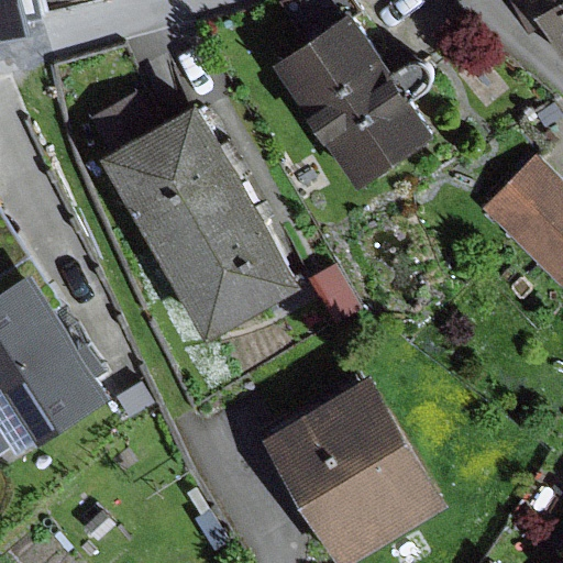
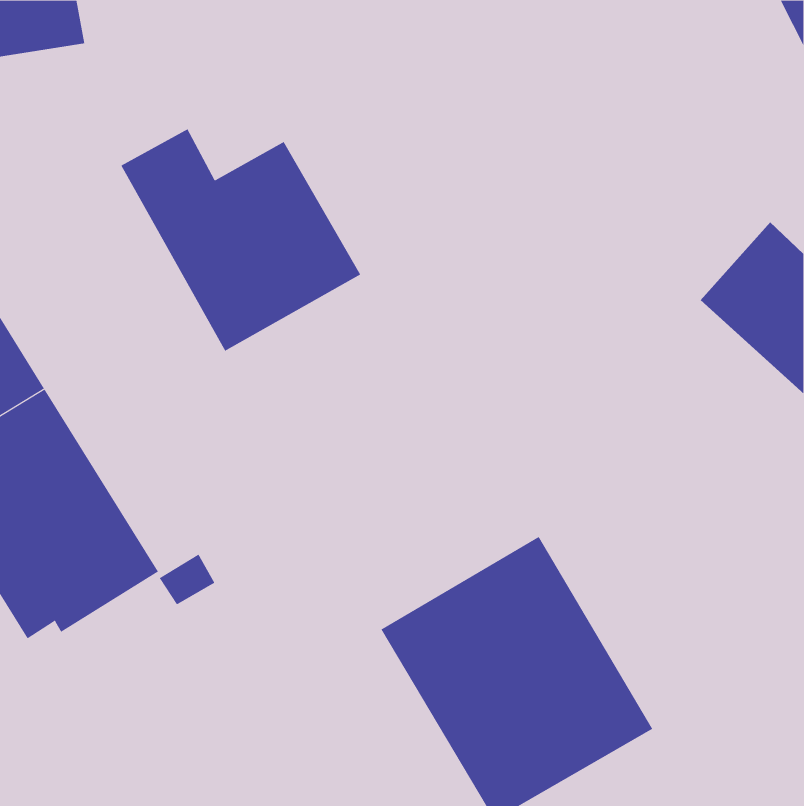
building: [271,15,434,191] -> none
building: [154,198,298,341] -> none

